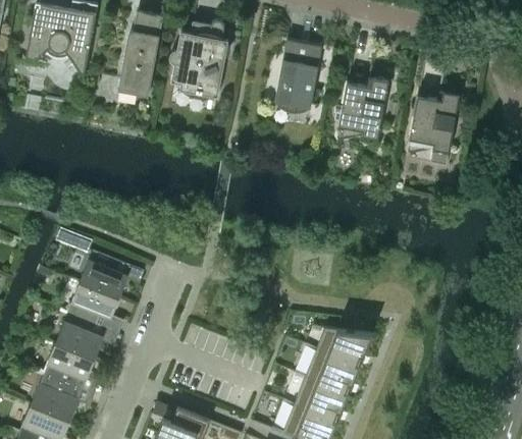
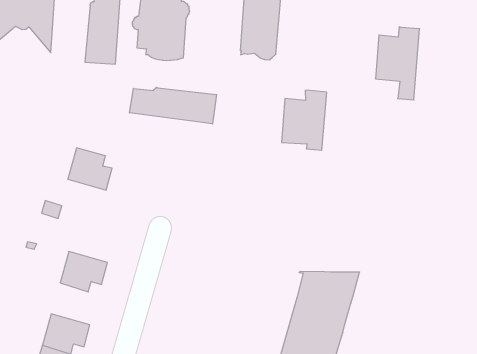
building: [338,76,389,139] -> [282,90,327,150]
building: none -> [130,87,217,124]
building: [82,250,127,295] -> [68,148,112,190]
building: [57,311,103,356] -> none

